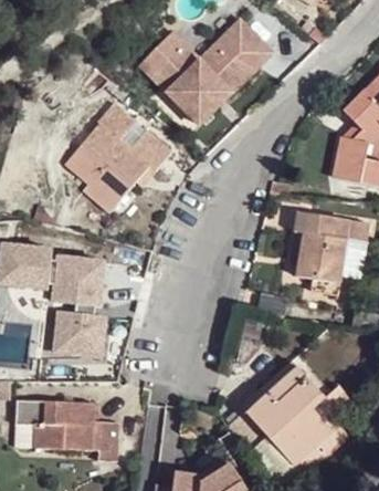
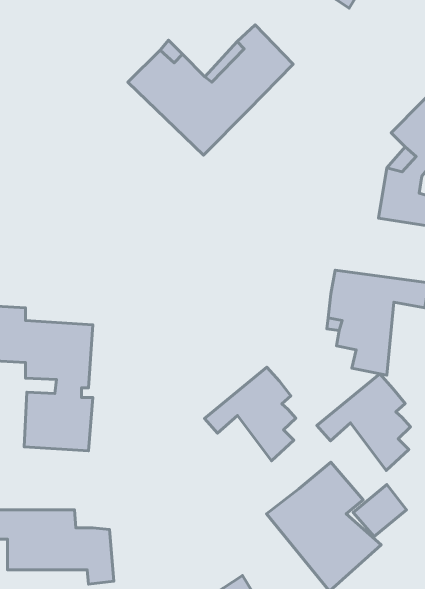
building: [62,105,165,205] -> none
building: none -> [204,367,296,461]
building: none -> [317,374,411,470]

